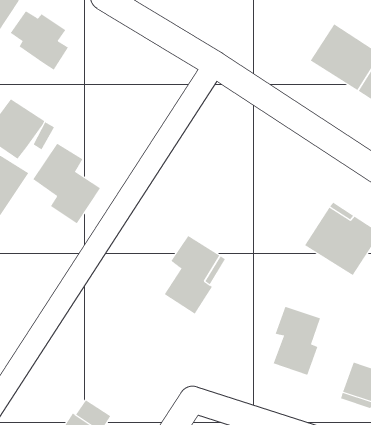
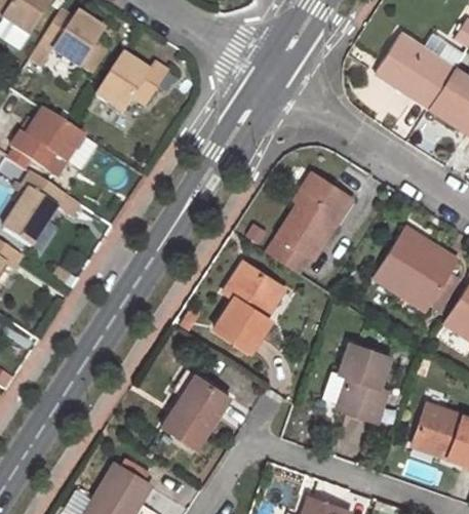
building: none -> [97,55,169,115]
building: [32,143,101,224] -> none
building: none -> [268,176,347,273]
building: none -> [162,367,231,449]

